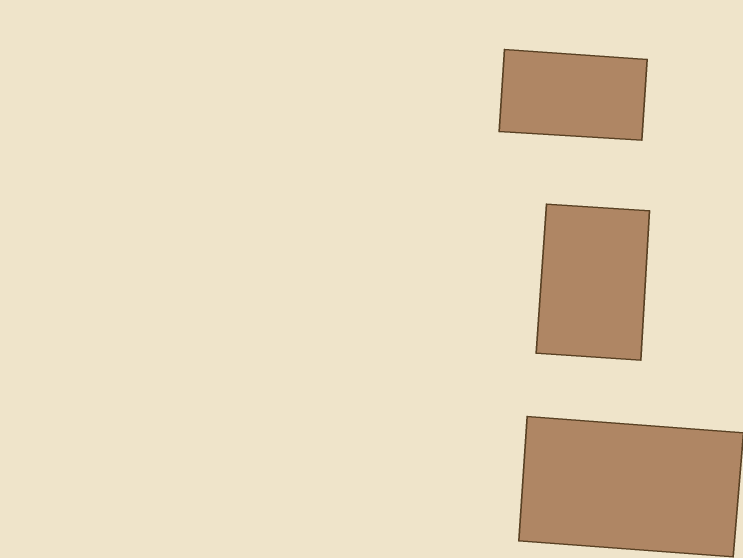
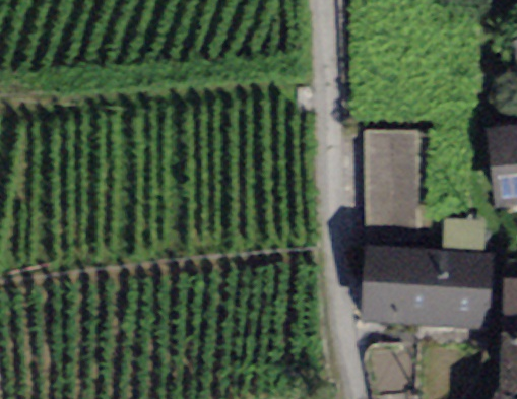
building: [499,49,647,140] -> none

